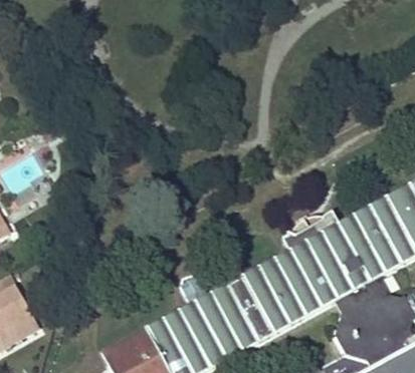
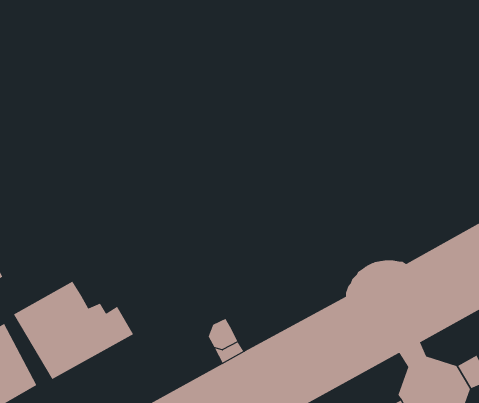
building: none -> [13,281,134,380]

